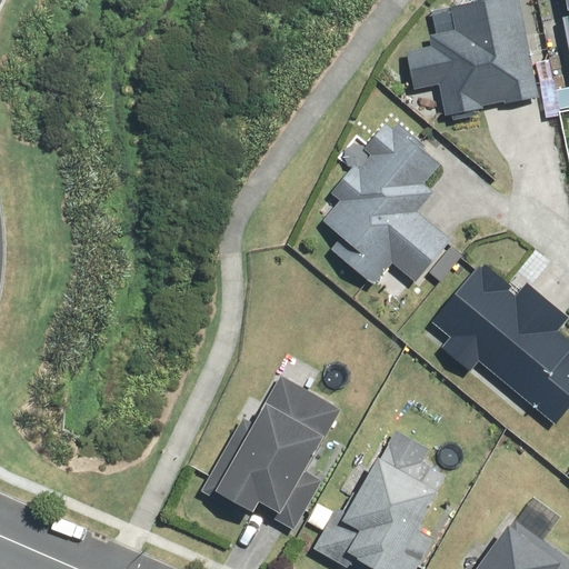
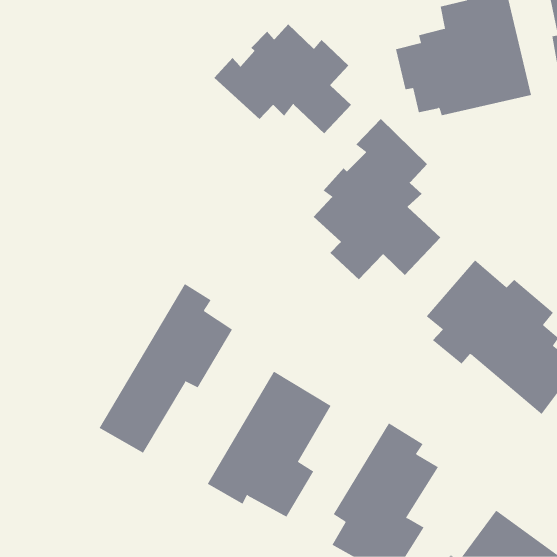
building: none -> [214,24,352,134]
building: none -> [99,283,233,454]

